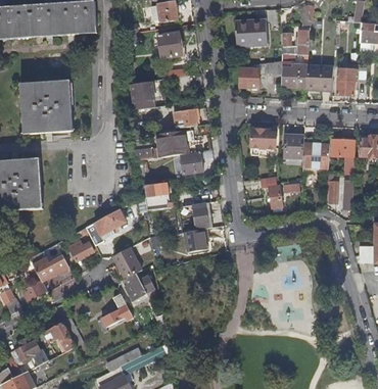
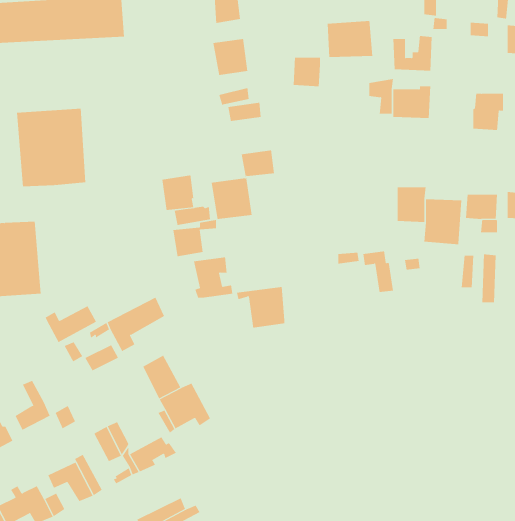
building: [306,63,333,89] -> none
building: [240,66,259,87] -> [293,57,321,87]
building: [131,84,153,108] -> [161,175,194,211]
building: [252,128,277,147] -> none
building: [181,149,211,175] -> [172,220,217,257]
building: [183,228,208,251] -> none
building: [33,256,68,282] -> [45,306,97,343]

